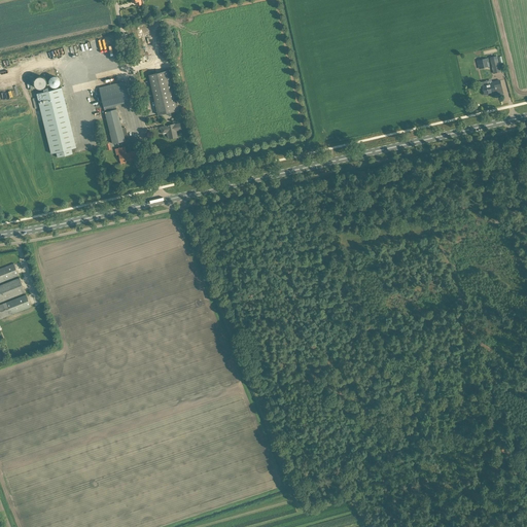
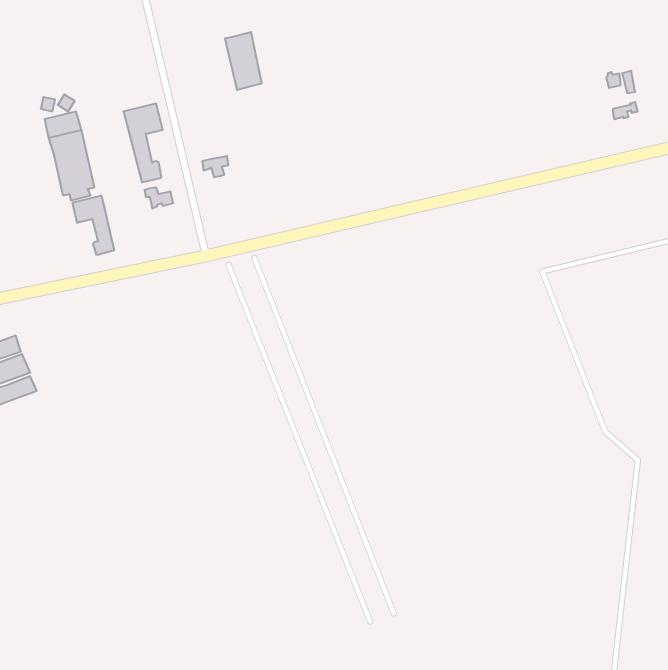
building: [147,70,176,115] -> [225,32,262,90]
building: none -> [72,195,114,255]

